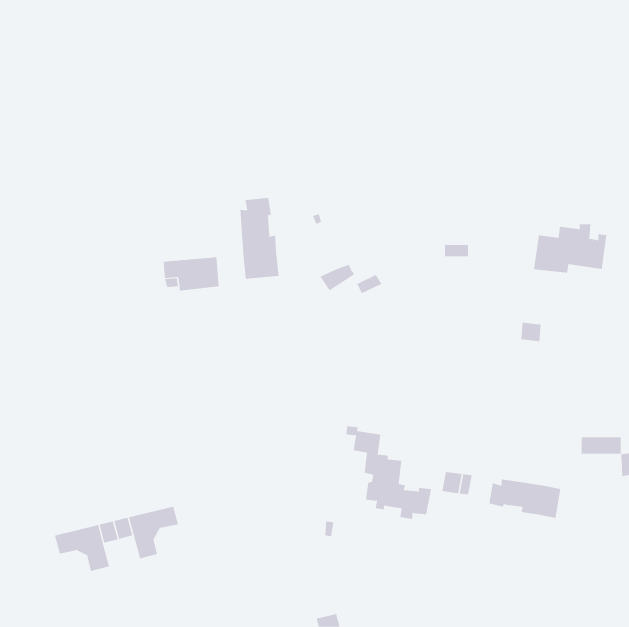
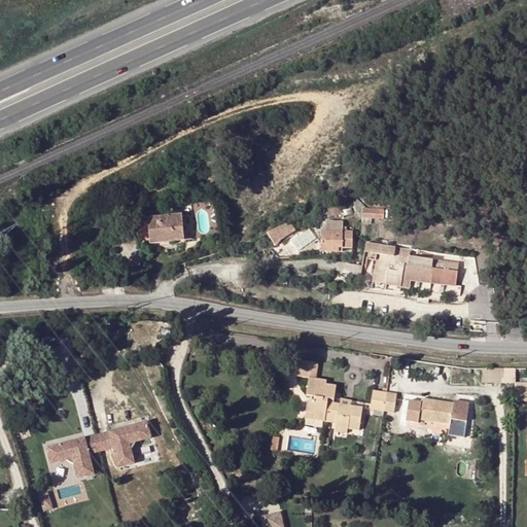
building: [240,197,279,279] -> none
building: [533,224,607,273] -> [374,244,435,285]
building: none -> [321,218,354,250]

